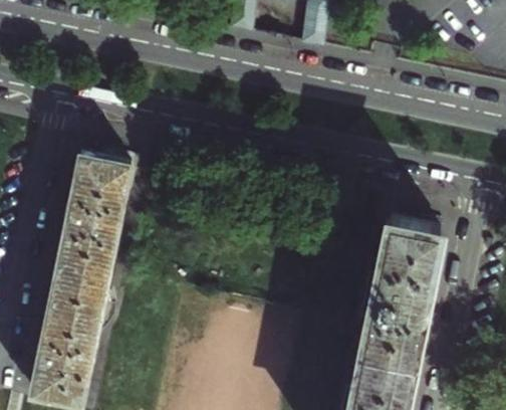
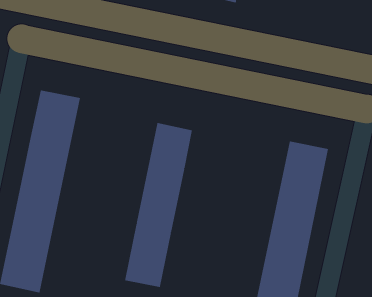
building: none -> [124,122,192,288]

